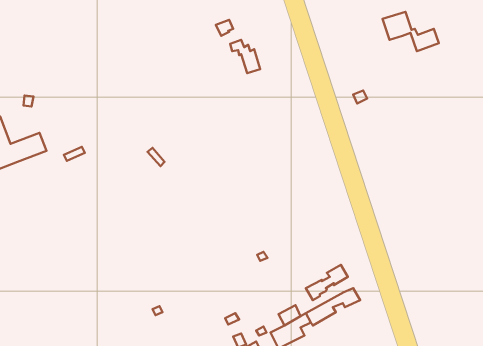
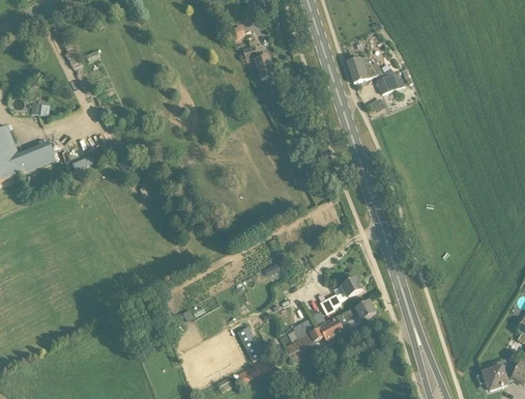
building: [382,12,439,51] -> [345,54,403,94]

